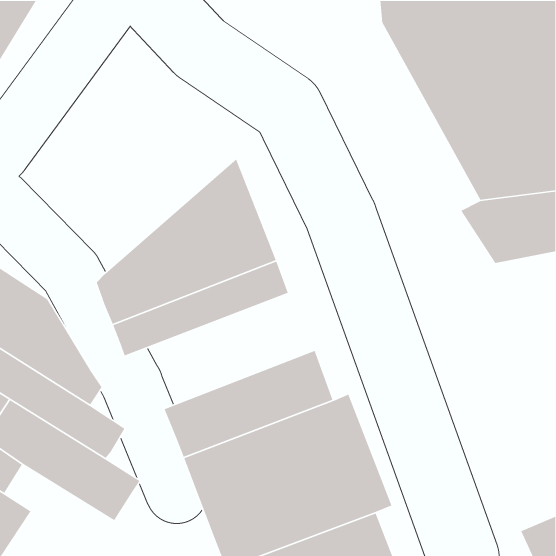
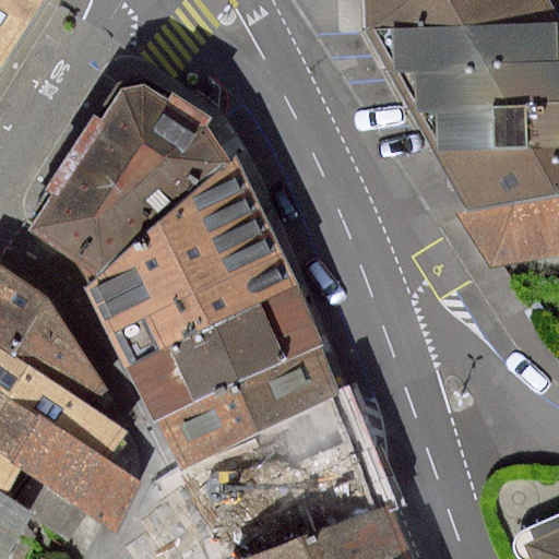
building: none -> [35,85,237,275]
building: none -> [124,295,312,417]

